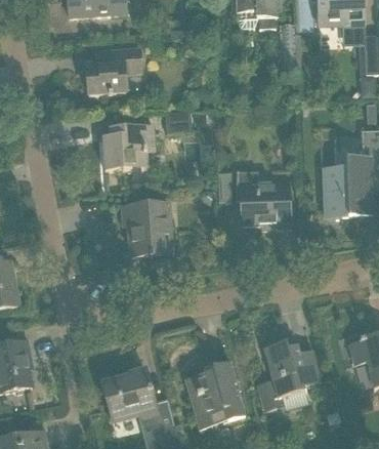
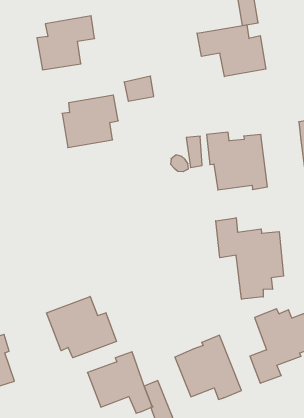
building: none -> [197,25,266,77]
building: [122,202,171,257] -> none
building: none -> [216,218,283,299]
building: none -> [47,296,116,358]

